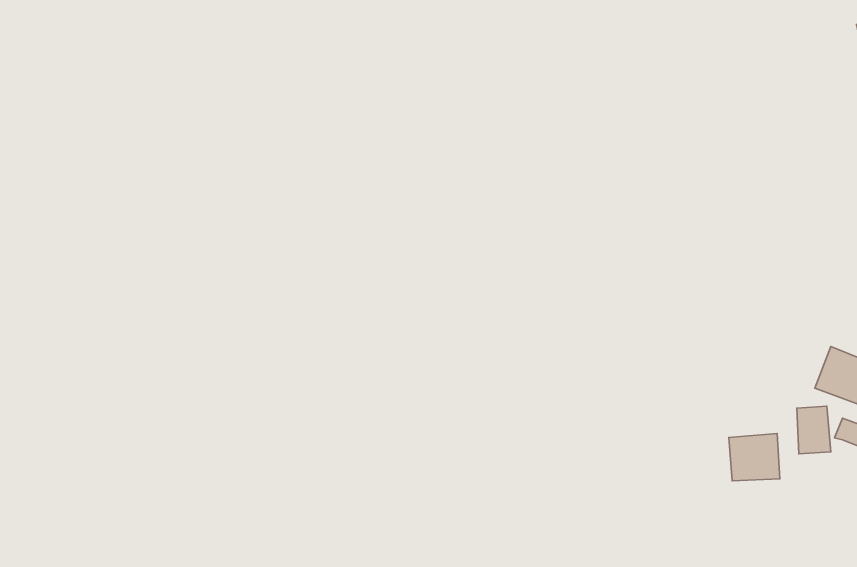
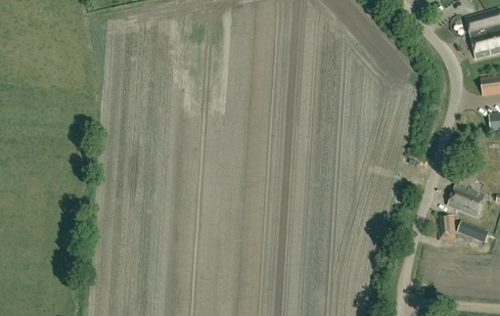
building: [729,434,780,481] -> none

